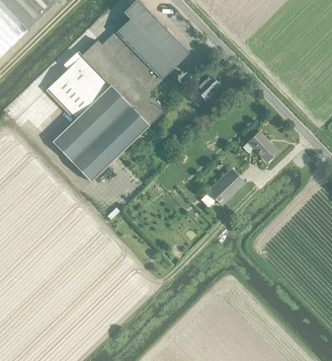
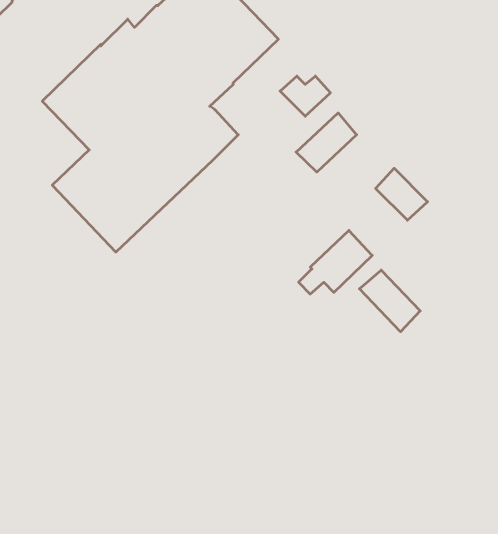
building: none -> [296,113,357,172]
building: none -> [359,270,420,332]

